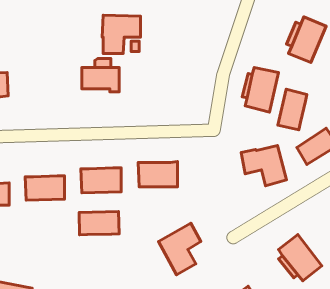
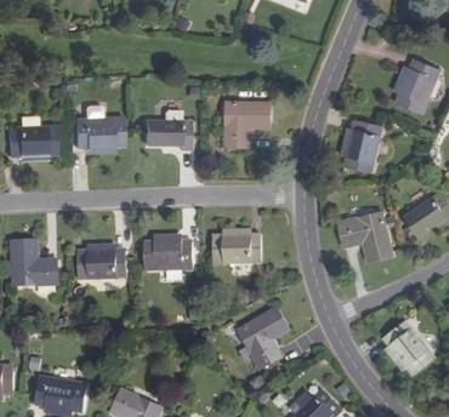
building: [102,15,140,54] -> [224,101,271,147]
building: none -> [75,116,124,148]
building: [278,89,307,130] -> none
building: [79,212,119,235] -> none

